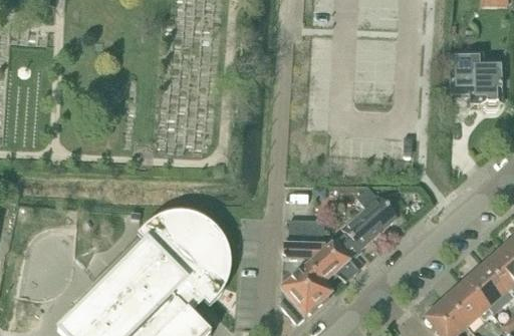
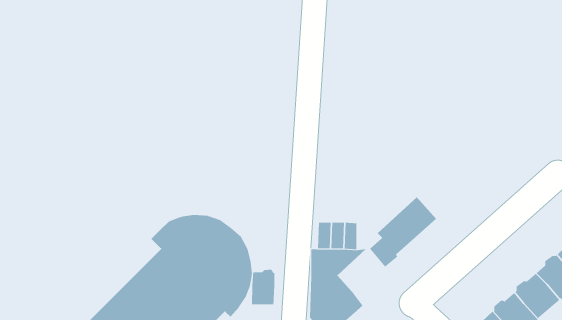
building: [451,51,502,107] -> none
building: [308,242,358,283] -> none
building: none -> [251,269,275,305]

